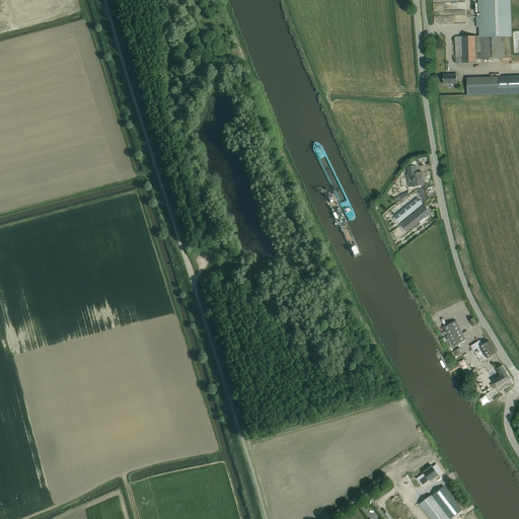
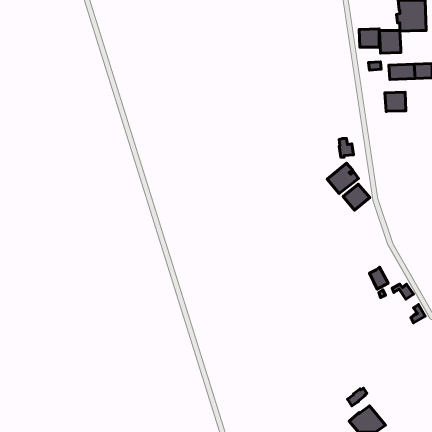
building: [479,36,504,59] -> [359,29,379,47]
building: none -> [385,92,406,111]
building: none -> [343,184,370,210]

